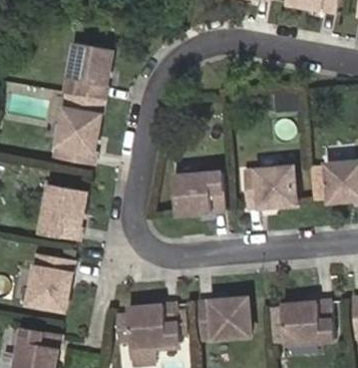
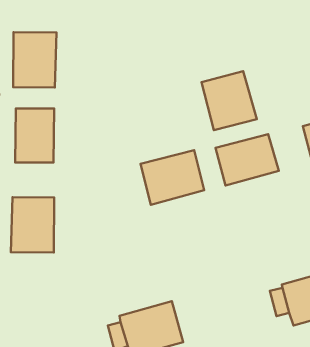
building: none -> [201,71,257,130]
building: [28,253,73,309] -> none
building: [198,298,252,338] -> none

